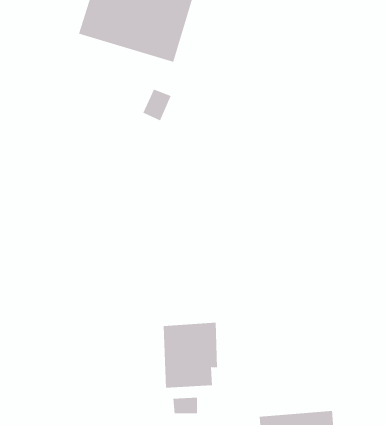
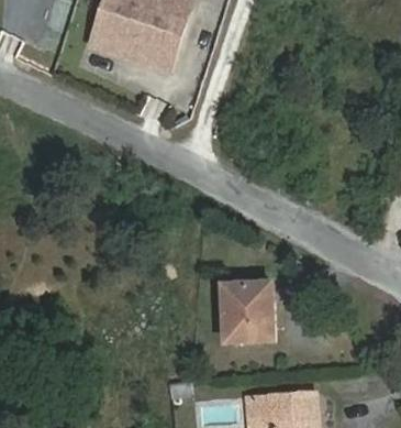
building: [163,322,218,388] -> [223,281,274,341]

